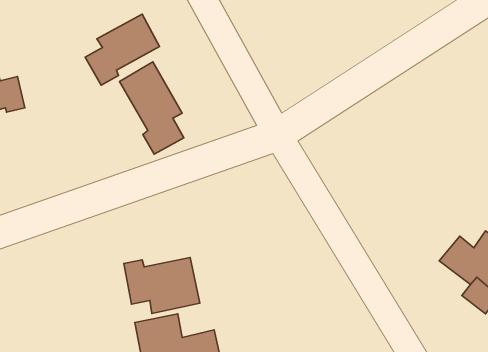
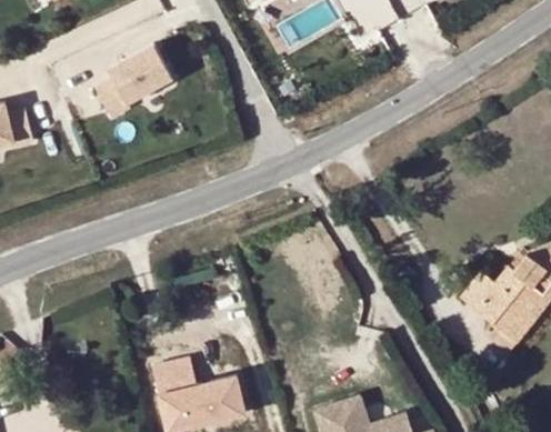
building: [120,62,184,154] -> none
building: [124,257,200,313] -> none

